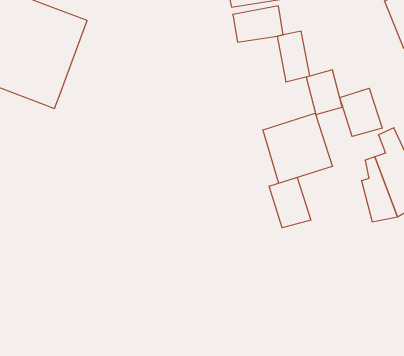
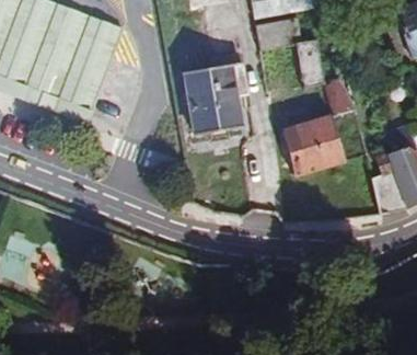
building: none -> [182,61,247,135]
building: [340,88,382,136] -> none
building: [269,177,311,228] -> none

